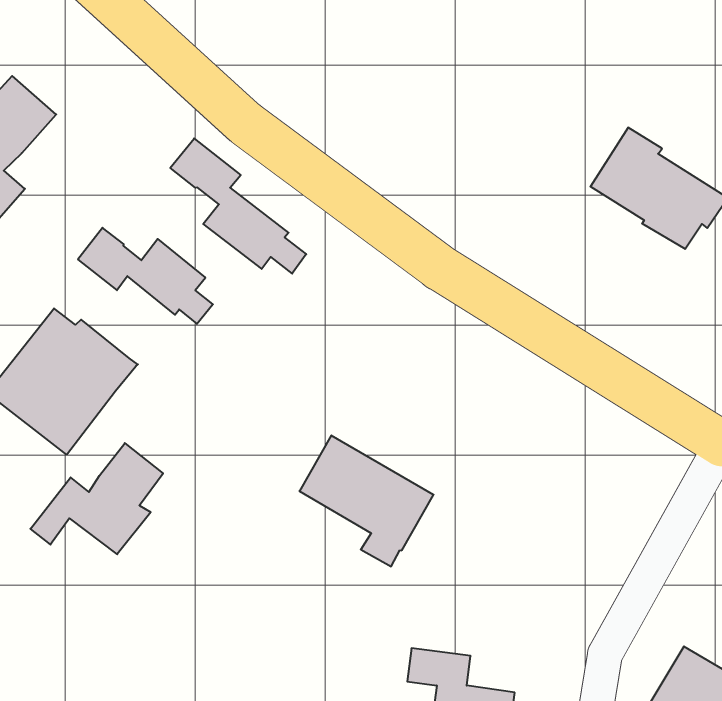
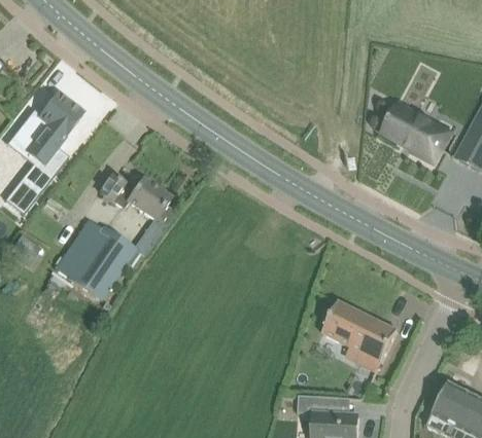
building: [170,138,306,274] -> none
building: [299,435,434,566] -> [322,299,397,369]
building: [30,443,163,554] -> none

